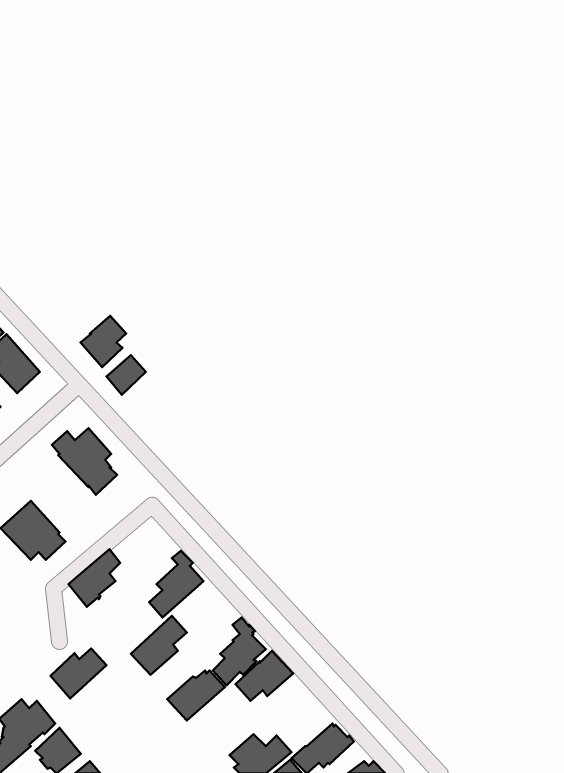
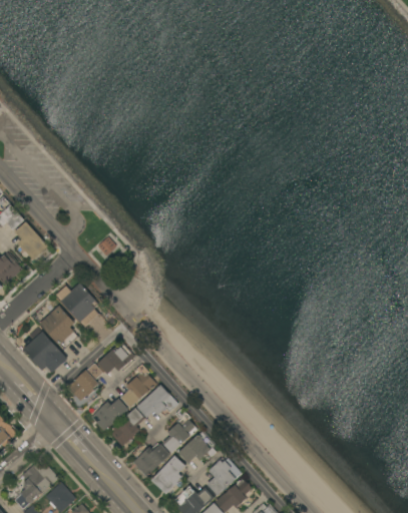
building: [80,316,126,367] -> none
building: none -> [35,304,76,350]
building: none -> [96,342,133,375]
building: none -> [135,385,177,419]
building: [50,649,106,699] -> [90,399,127,432]
building: none -> [150,456,184,495]
building: none -> [206,458,241,496]

